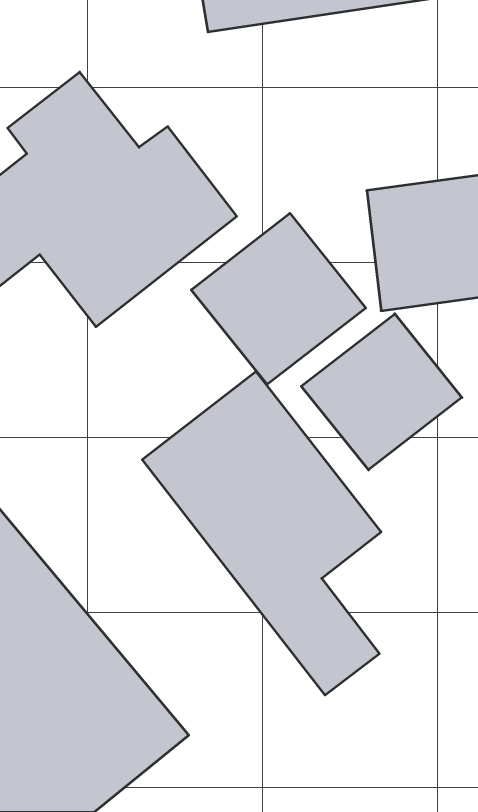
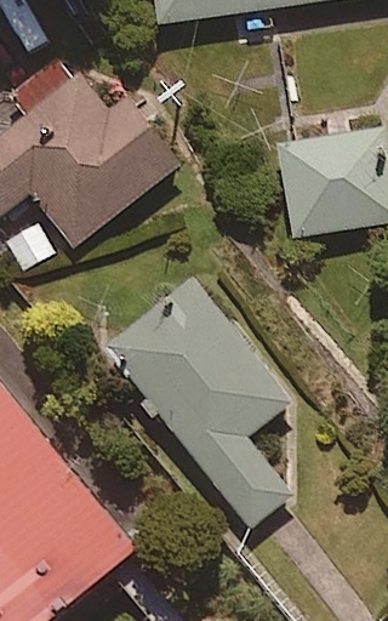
building: [191,213,366,384] -> none
building: [301,314,462,470] -> none

